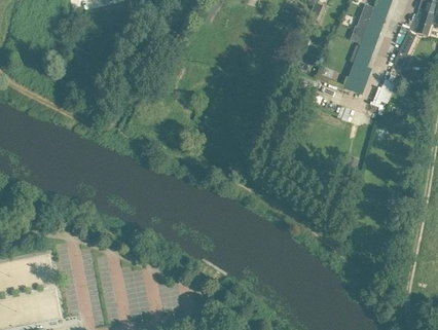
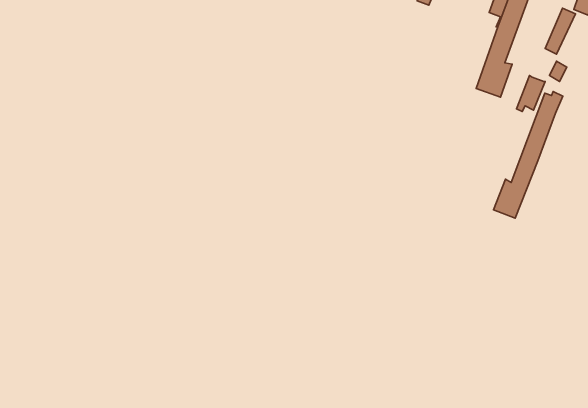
building: none -> [494,92,563,218]

